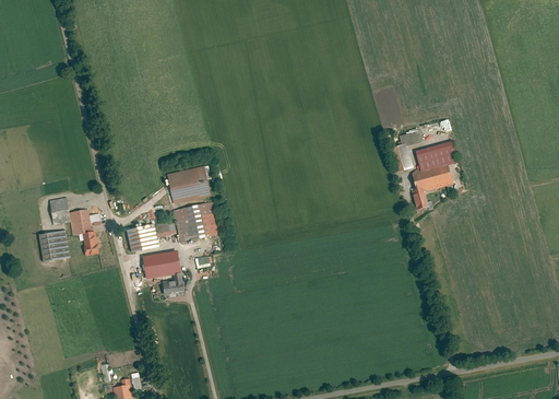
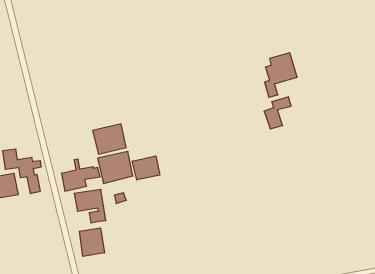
building: [411,152,453,210] -> [265,53,297,97]
building: none -> [132,156,160,180]
building: none -> [80,228,105,256]

